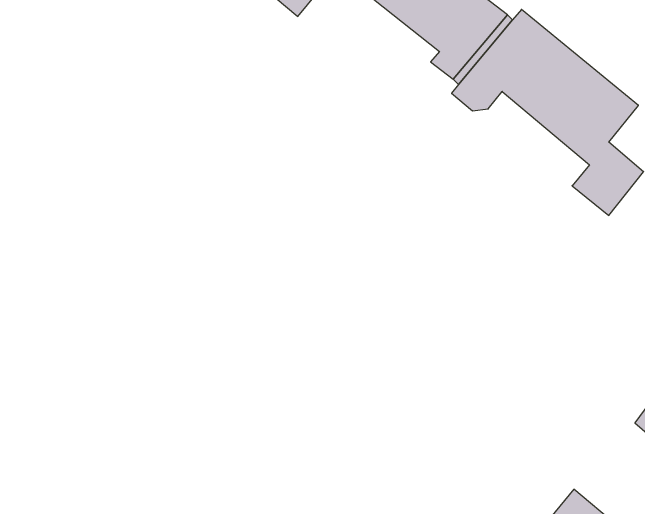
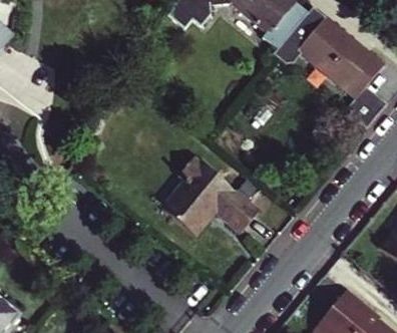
building: none -> [162,154,259,234]

